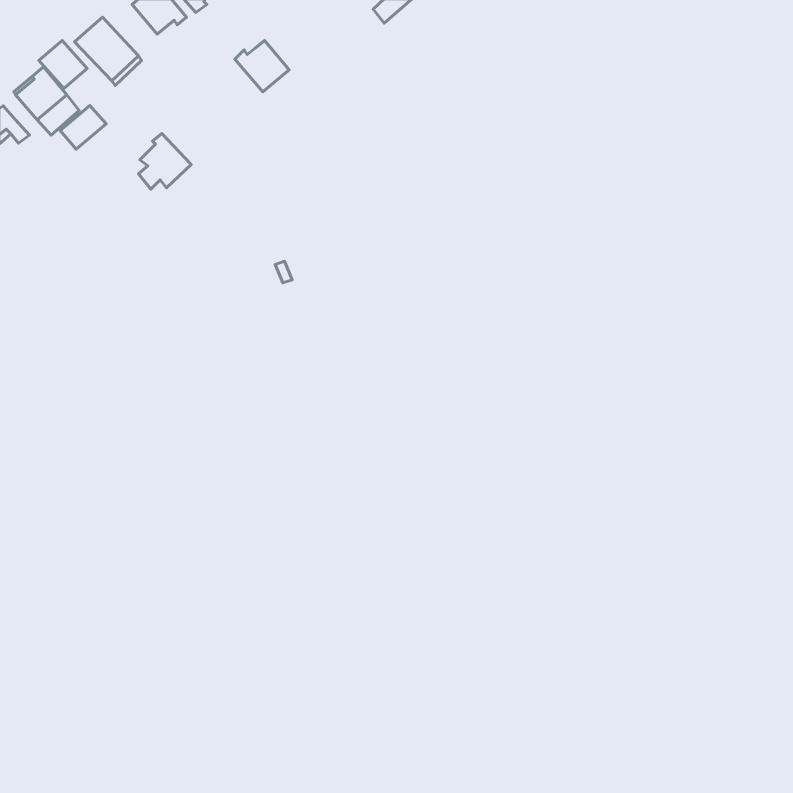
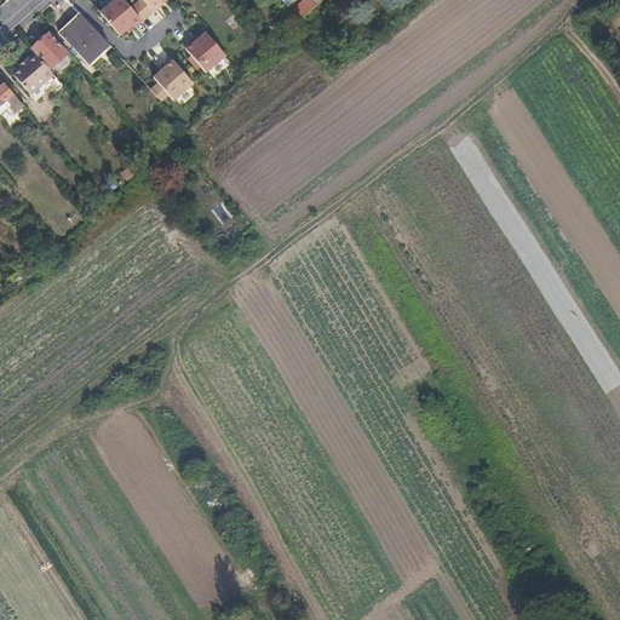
building: [60,105,106,149] -> none
building: [138,133,191,189] -> [150,57,191,101]

